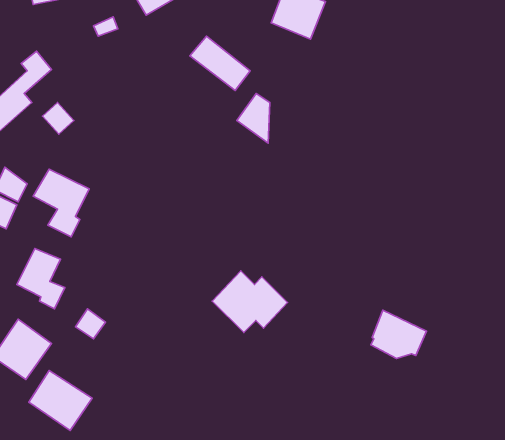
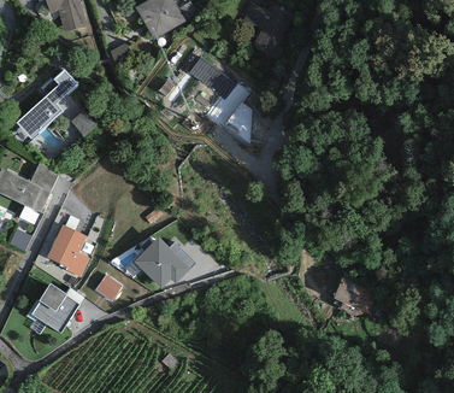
building: [33,169,89,237] -> none
building: [212,271,288,333] -> [135,236,195,286]
building: [29,370,92,430] -> none

